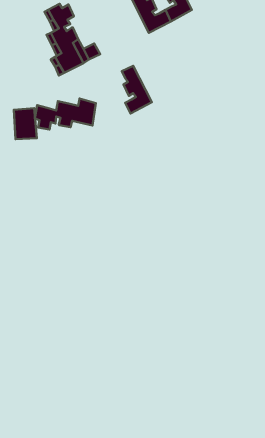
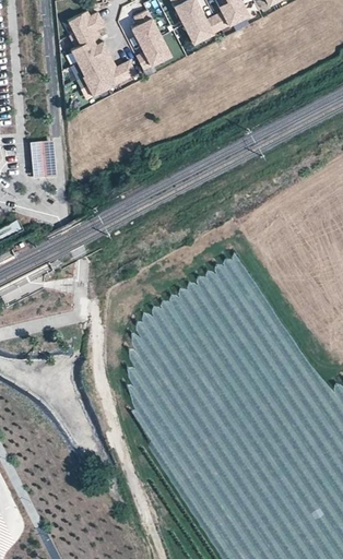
building: [122,66,152,114] -> [134,10,172,69]
building: [35,99,96,129] -> none

